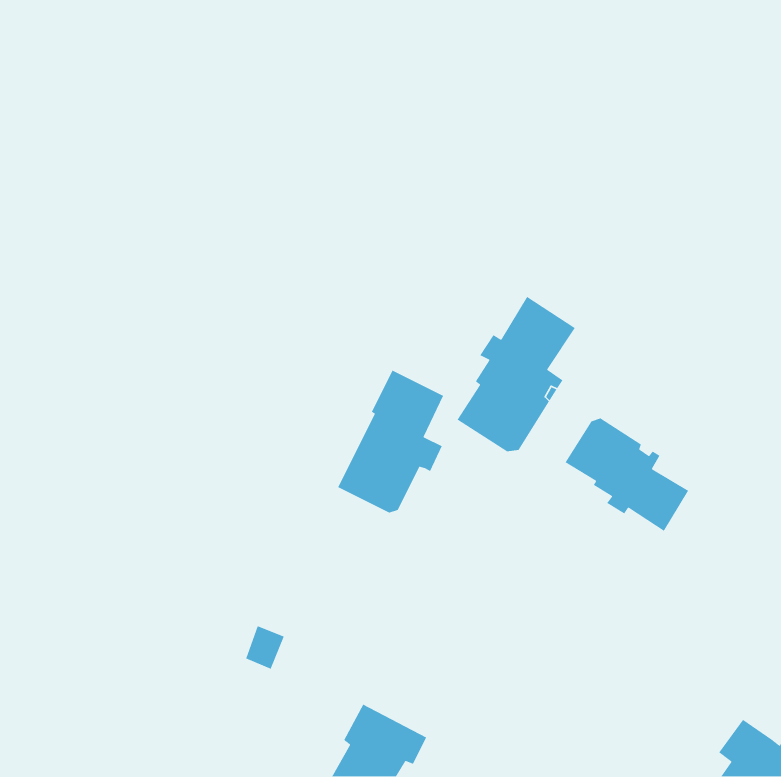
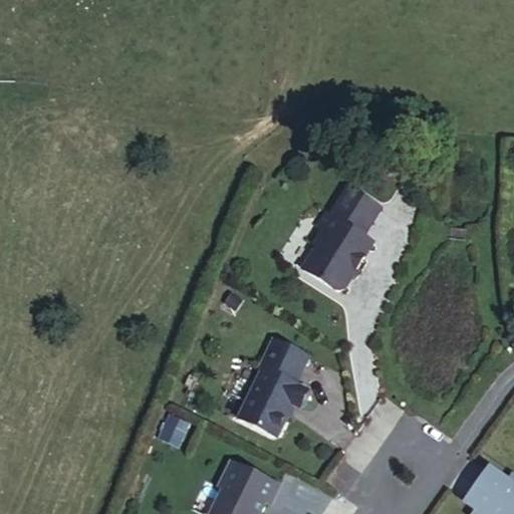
building: [337,369,444,513] -> [236,336,306,431]
building: [565,418,689,532] -> none

